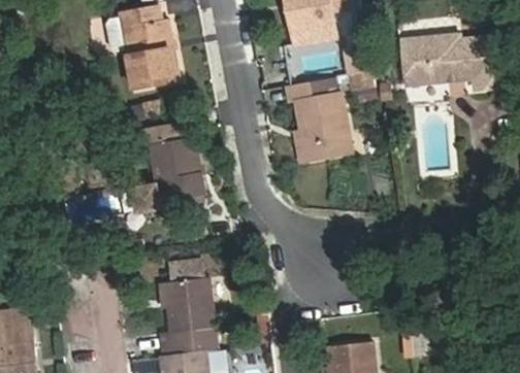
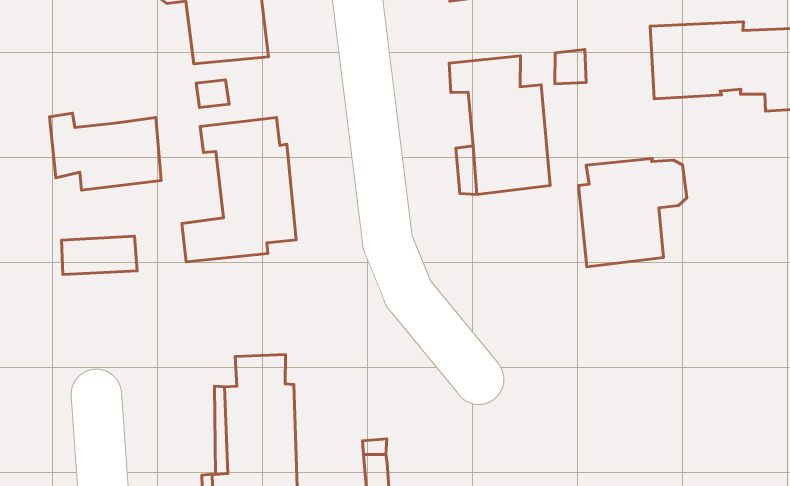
building: none -> [49,113,161,190]
building: none -> [578,158,687,267]

